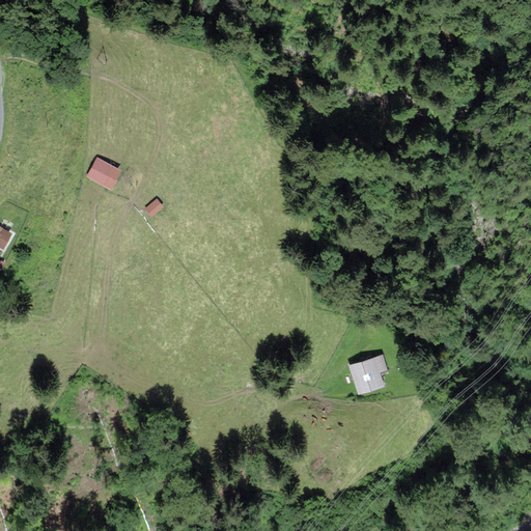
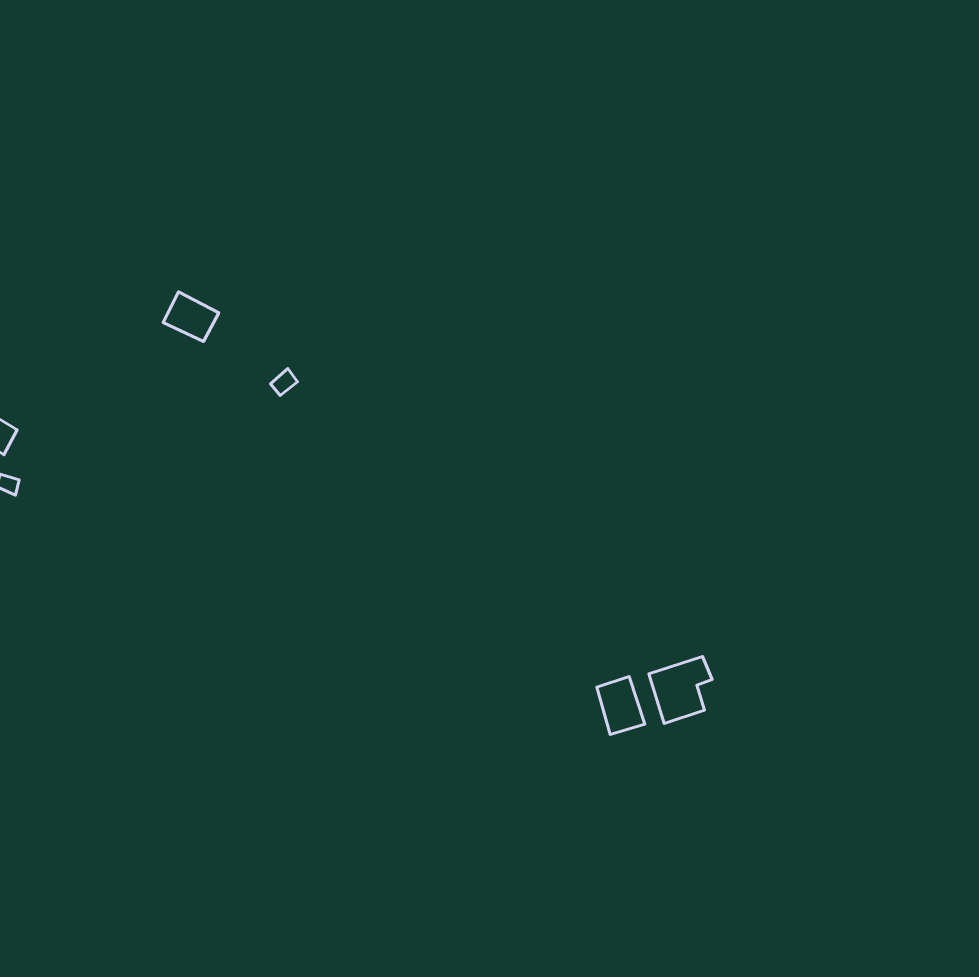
building: none -> [597,676,645,735]

